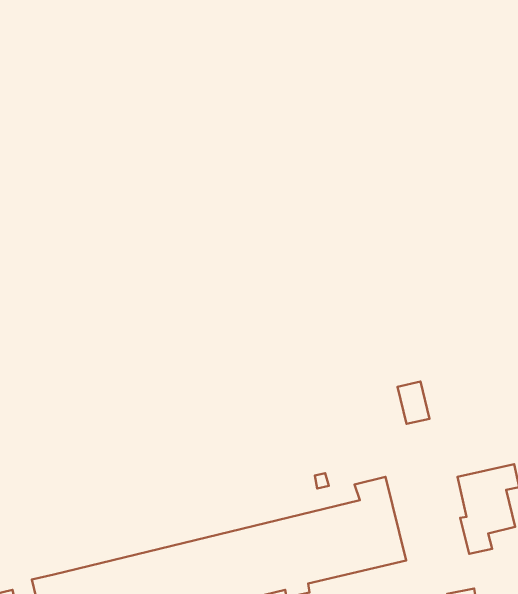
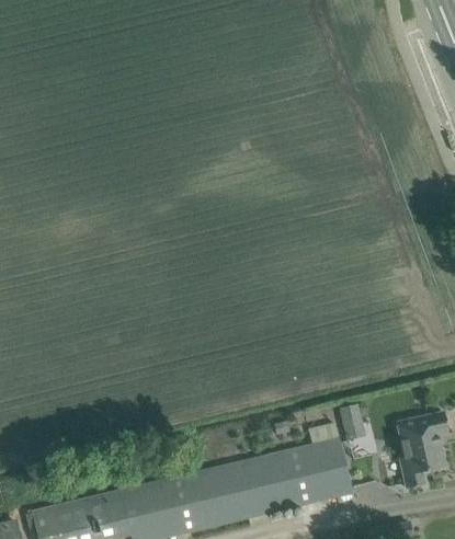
building: [397,382,430,424] -> [339,403,366,439]

